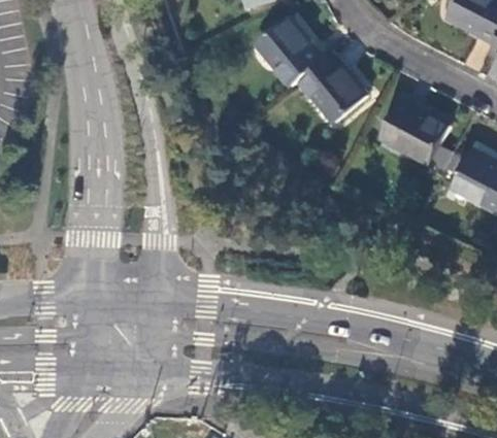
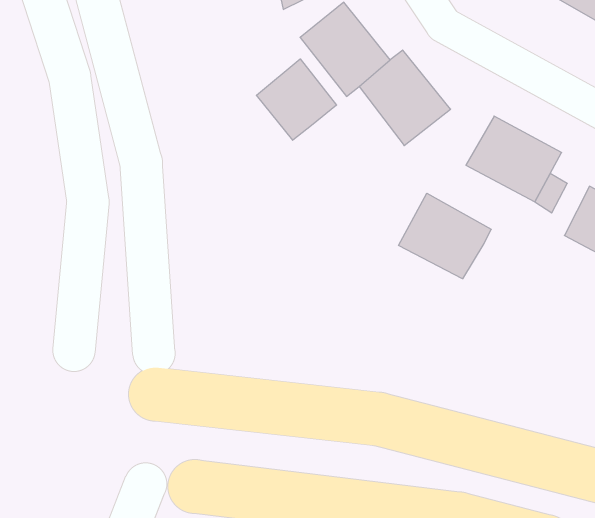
building: none -> [256,59,337,140]
building: none -> [399,193,491,279]

